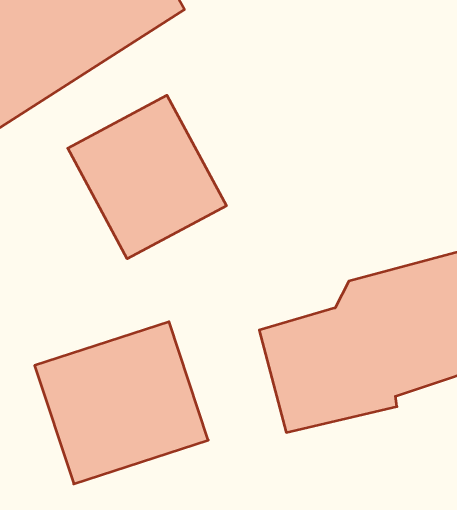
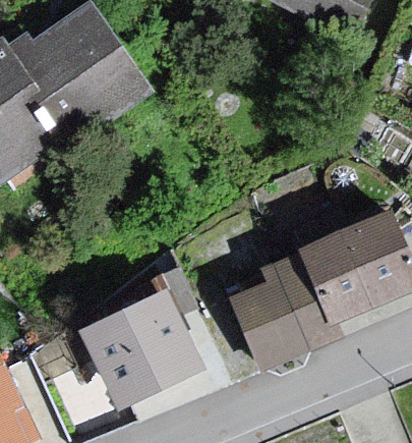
building: [68,95,226,259] -> none

